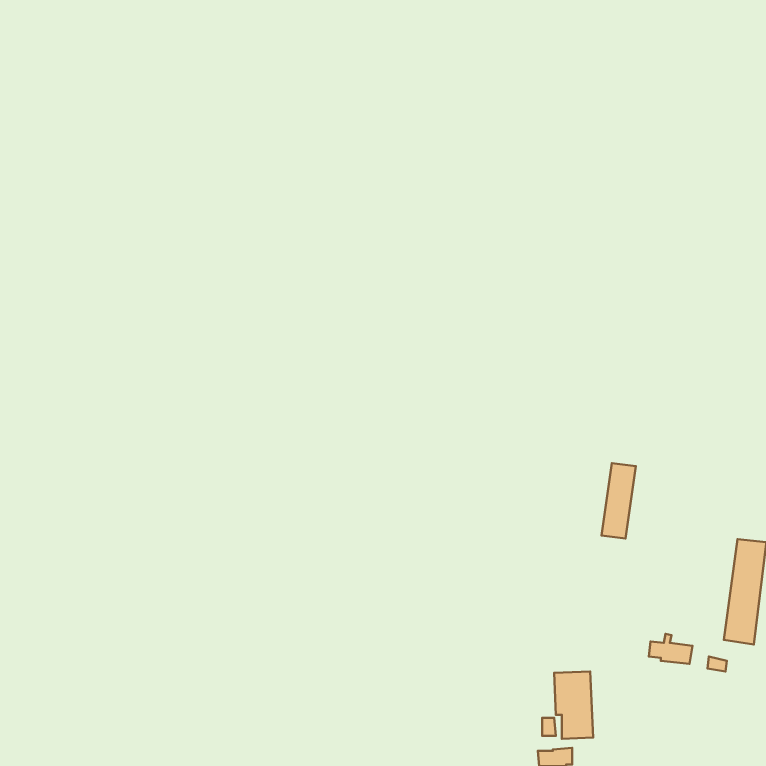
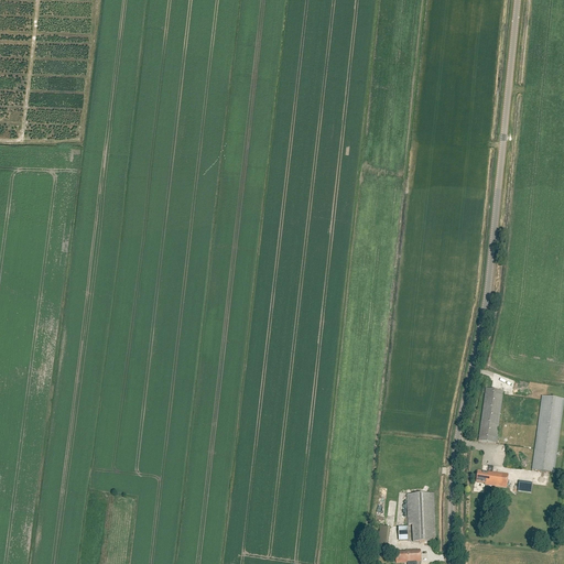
building: [601,463,636,538] -> [477,388,502,443]

